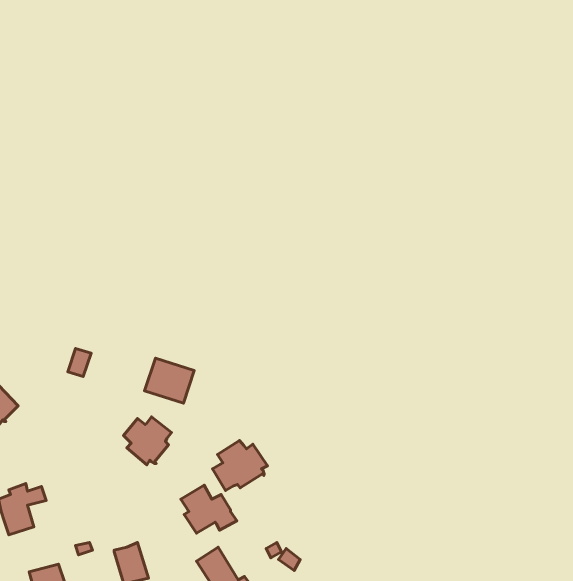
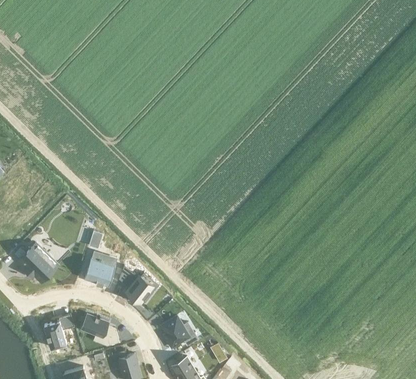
building: [145,358,194,403] -> [83,257,115,286]
building: [213,440,268,491] -> none
building: none -> [81,314,118,345]

